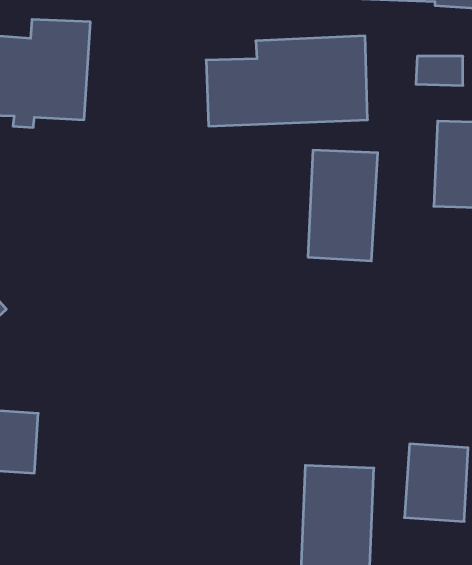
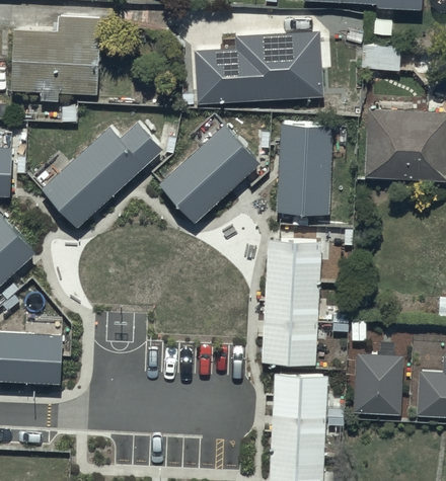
building: none -> [42,122,162,226]
building: none -> [159,125,259,222]
building: none -> [261,240,321,366]

